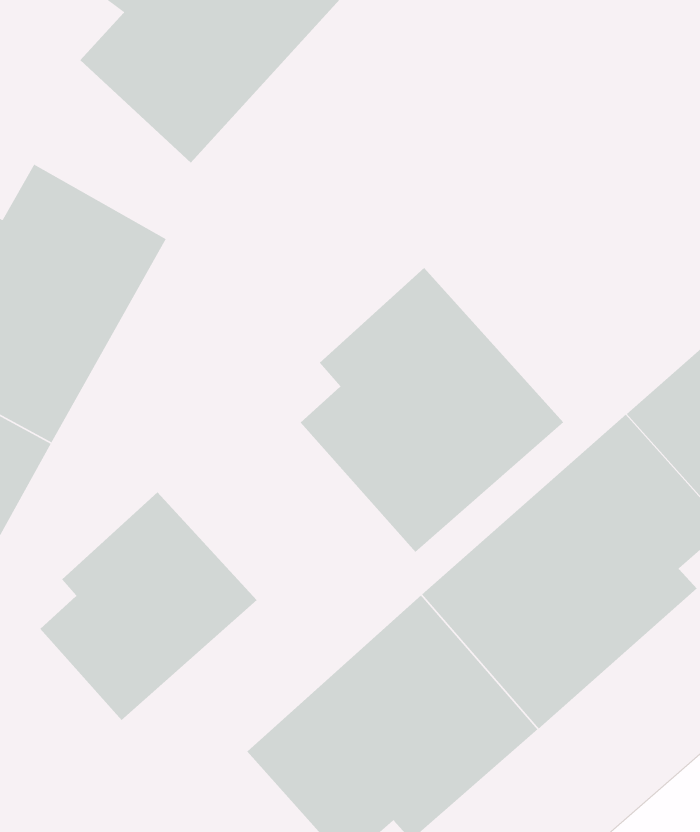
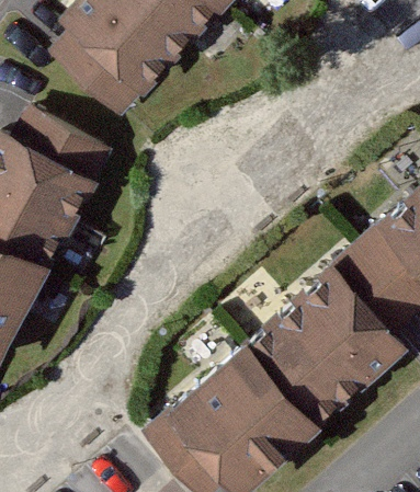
building: [300,267,564,553] -> none
building: [39,491,257,721] -> none

